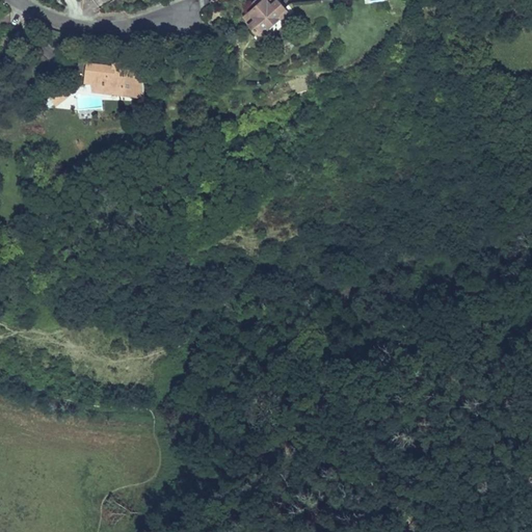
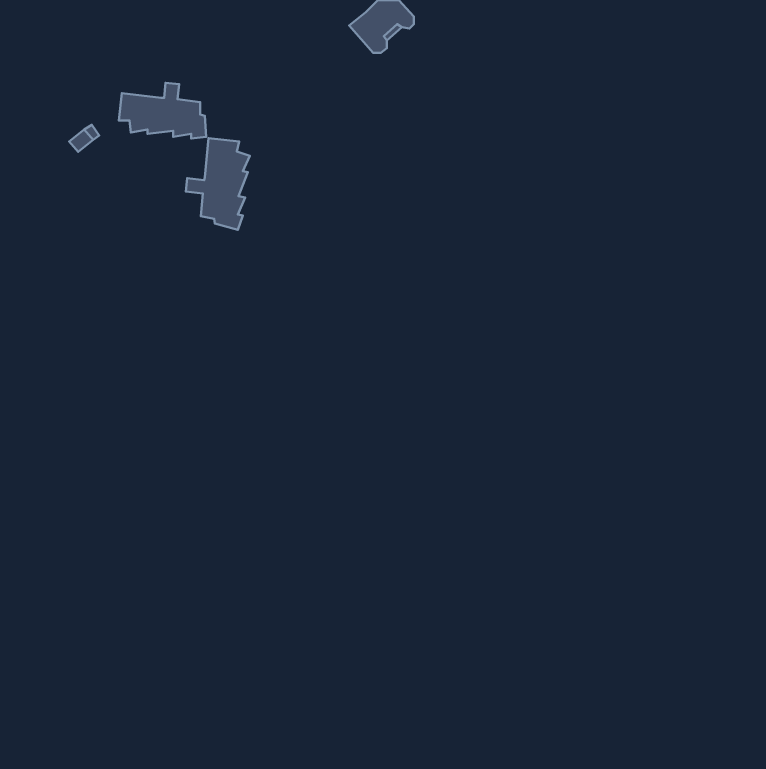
building: none -> [186,138,250,230]

